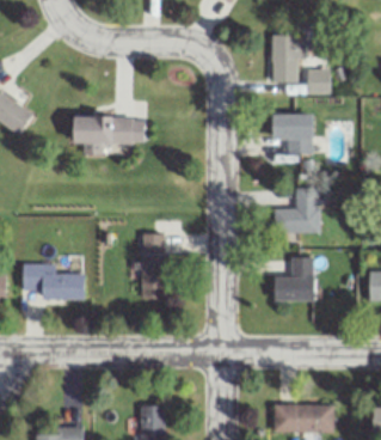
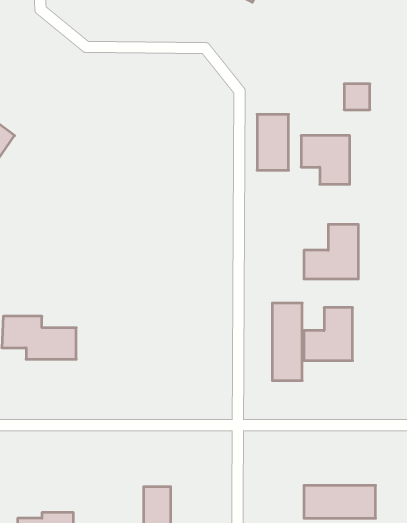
building: [271,35,297,81] -> [257,114,289,170]
building: [74,116,130,154] -> none
building: [140,234,165,299] -> [272,303,302,381]

